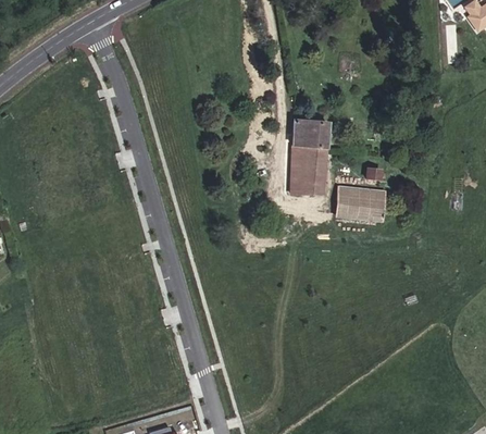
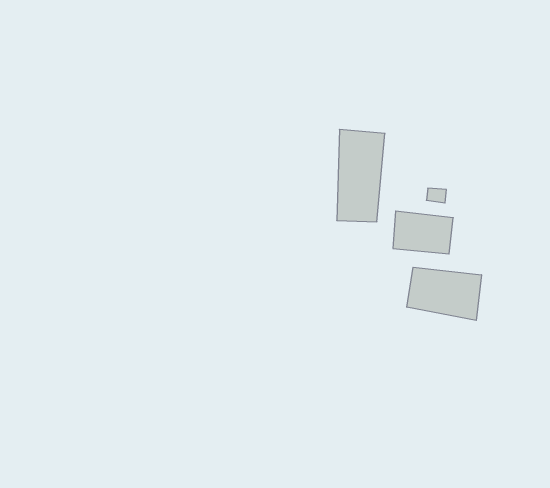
building: none -> [407,267,481,320]

